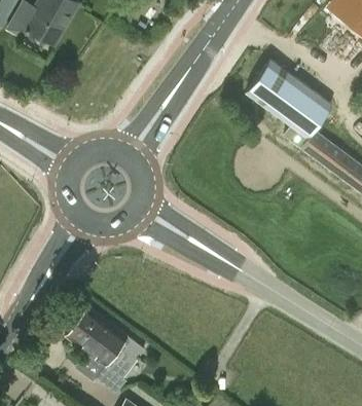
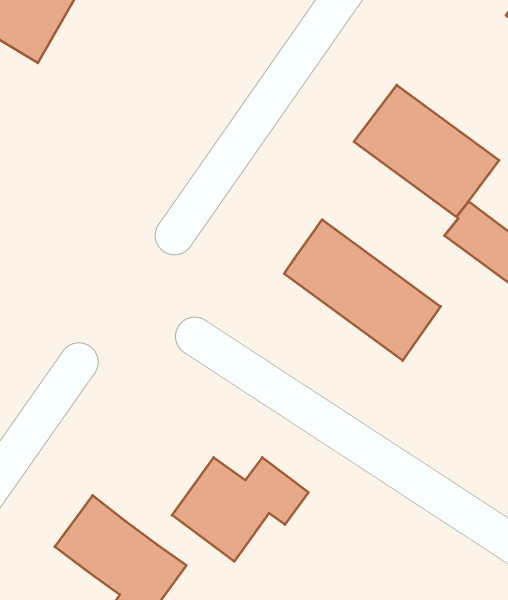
building: none -> [284,220,441,361]
building: none -> [172,457,308,561]

